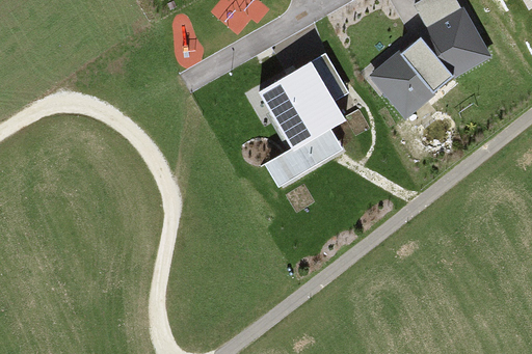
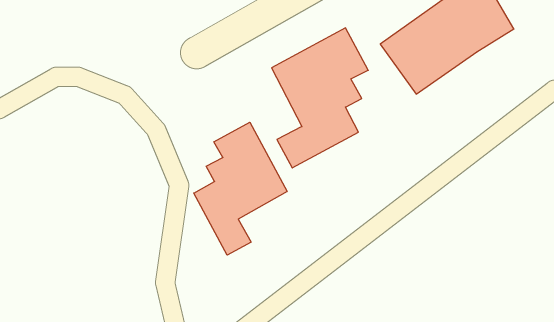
building: none -> [194,122,287,255]

